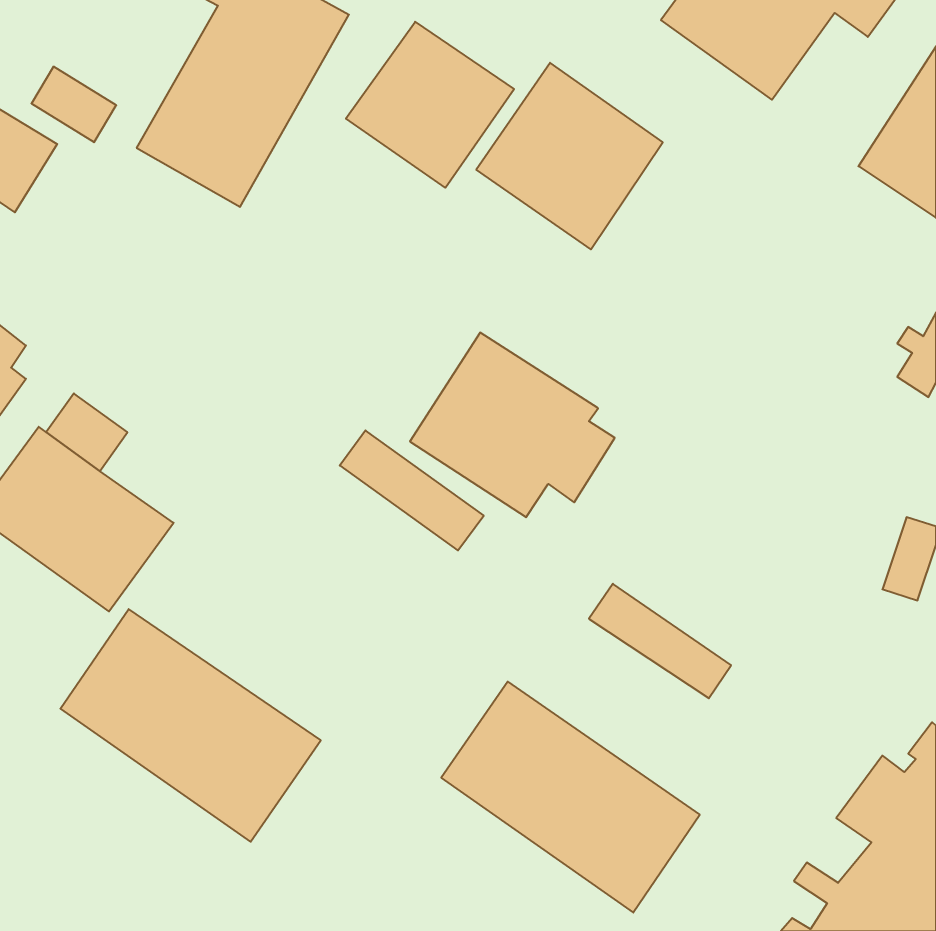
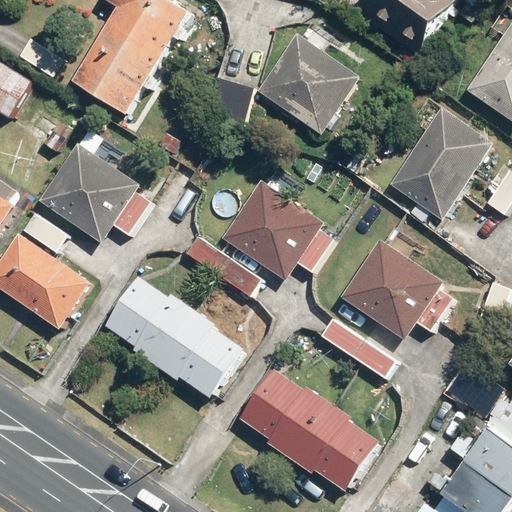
building: [346,22,514,188] -> none
building: none -> [388,98,493,237]
building: none -> [39,130,151,244]
building: none -> [334,238,452,340]
building: [60,609,321,842] -> [104,275,245,401]

